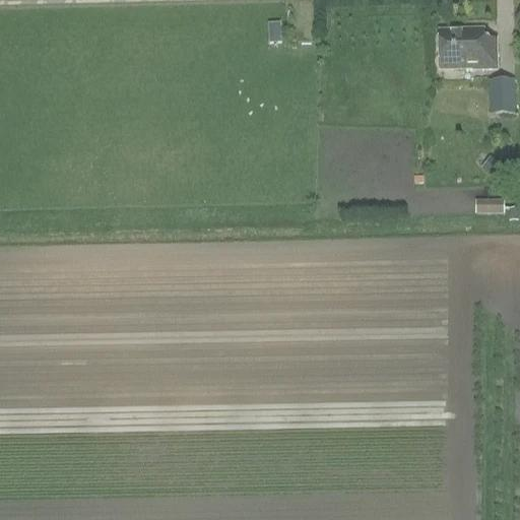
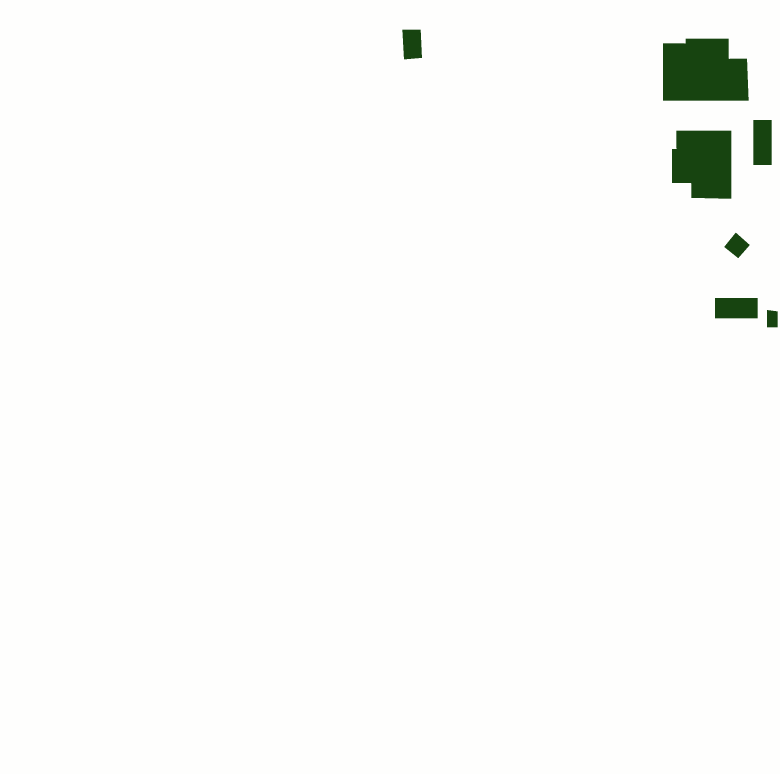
building: none -> [672,130,732,200]

